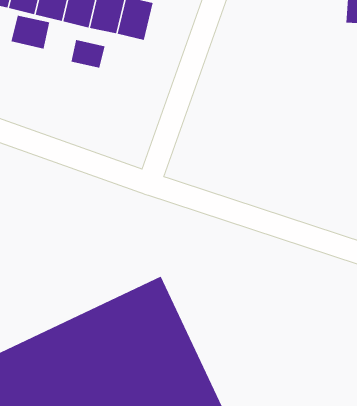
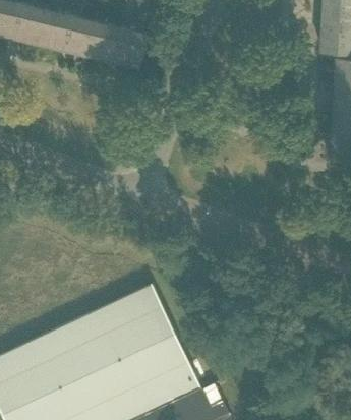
building: [11,15,50,49] -> none
building: [71,39,105,68] -> none

